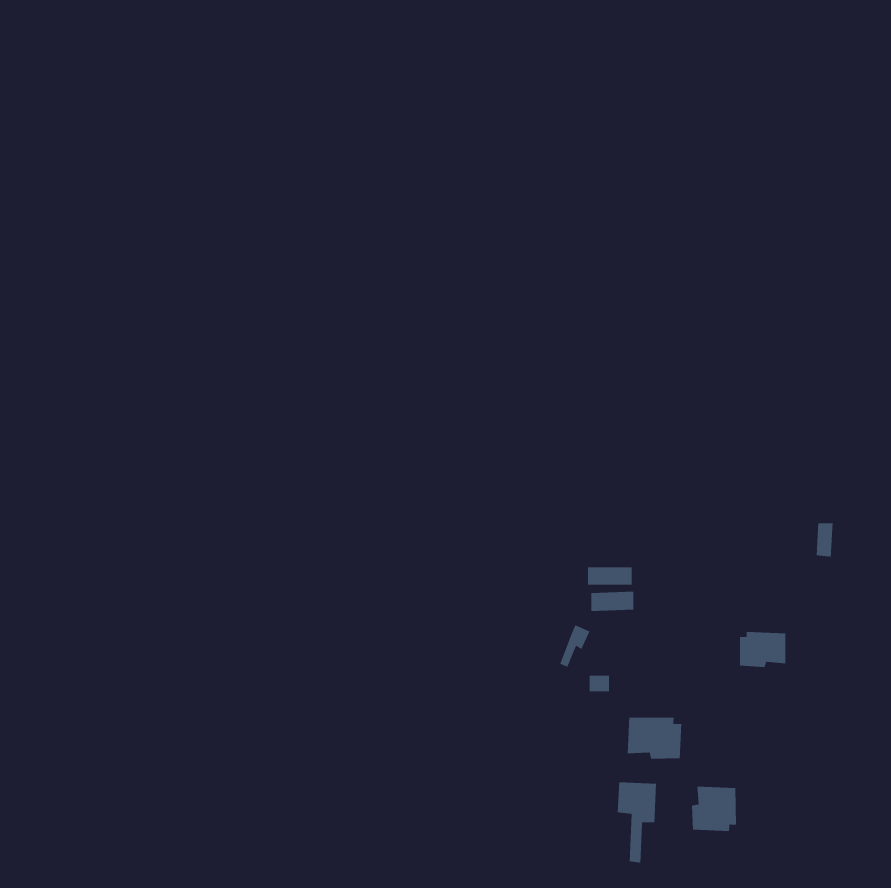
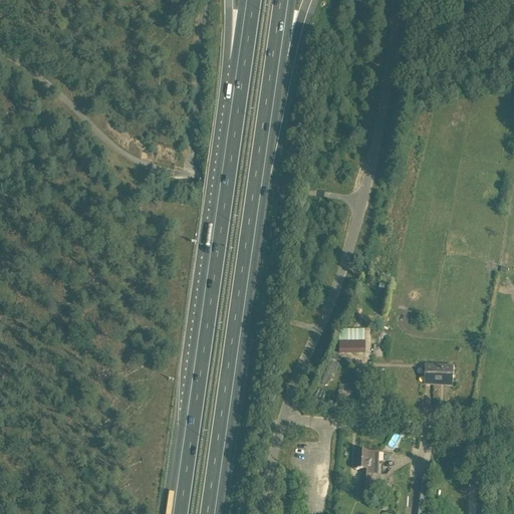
building: [627,717,682,760] -> none
building: [691,786,737,832] -> none

